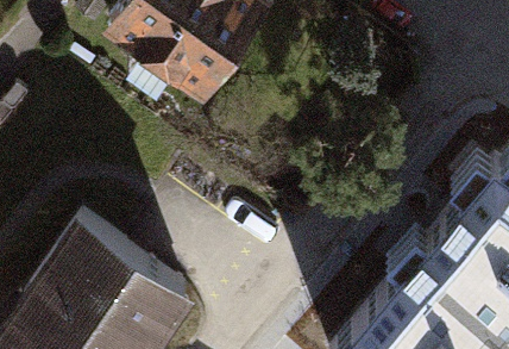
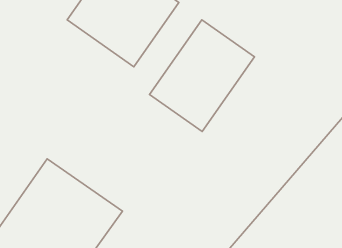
building: none -> [150,20,255,131]

